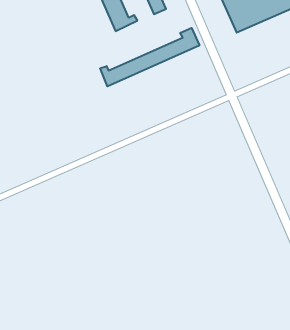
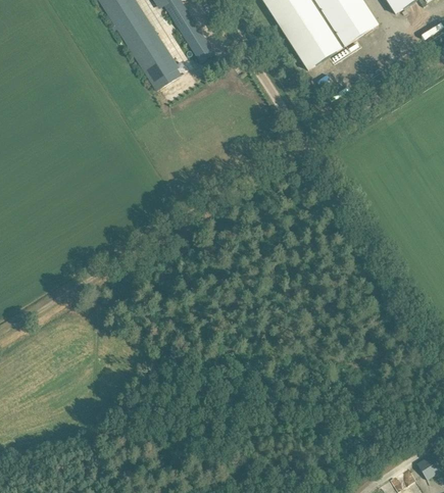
building: [100,28,199,86] -> none

